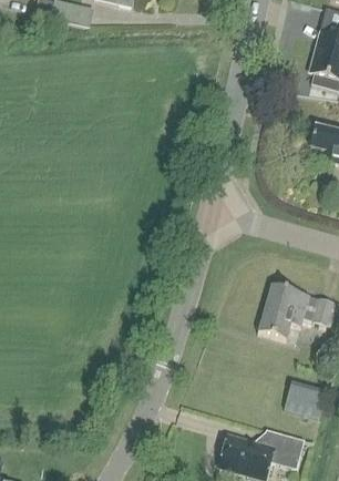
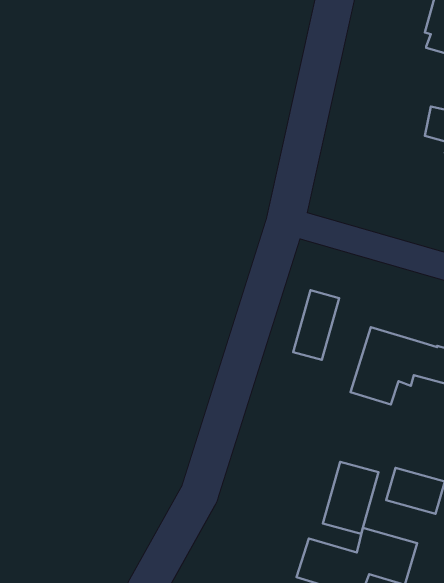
building: none -> [293,290,339,360]
building: none -> [323,462,379,534]

